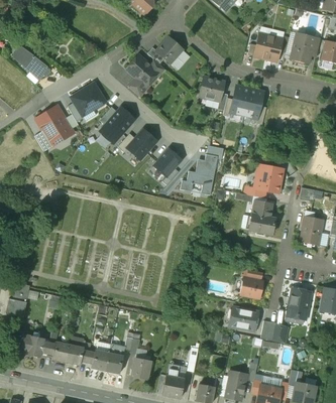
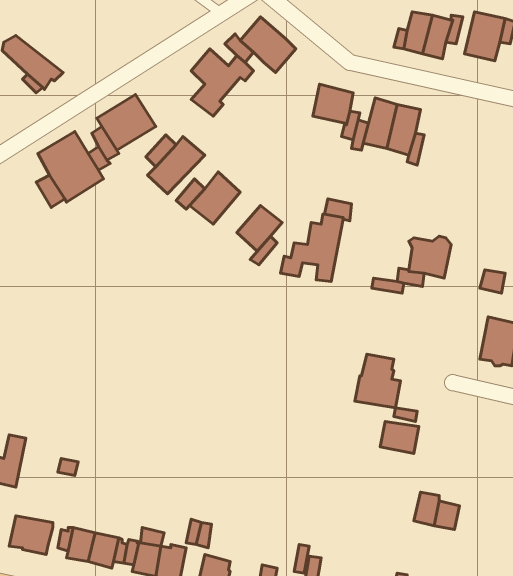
building: [248,202,275,234] -> [355,354,400,408]
building: [288,288,311,319] -> none
building: [231,307,257,330] -> none

